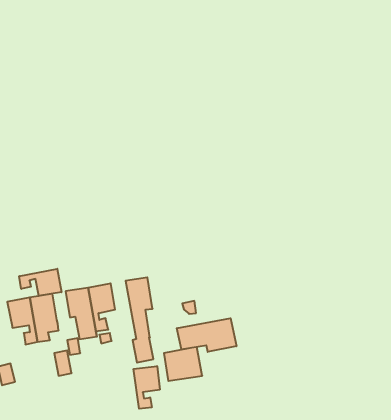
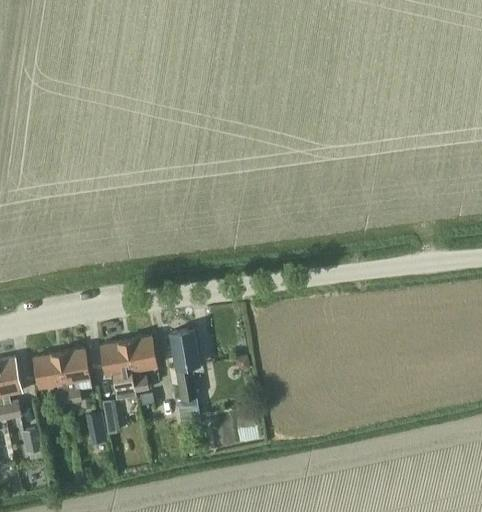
building: [19,269,61,296] -> none
building: [177,318,236,352] -> none
building: [134,366,160,409] -> none

